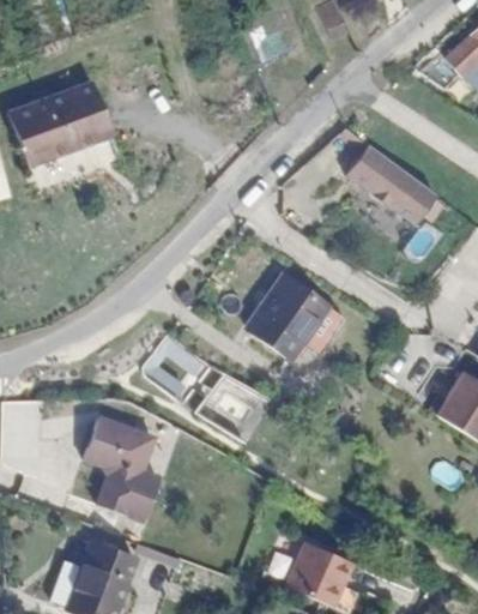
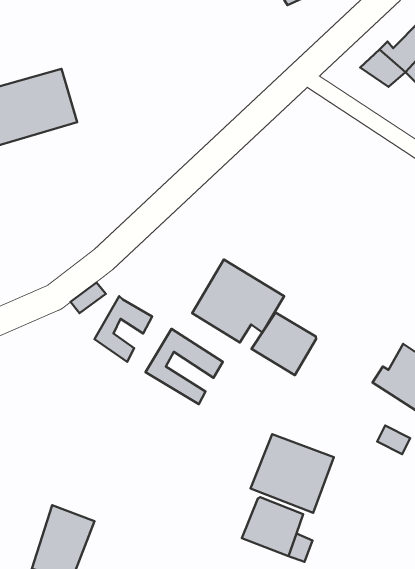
building: [335,148,425,225] -> none
building: none -> [252,312,316,375]
building: [90,411,168,516] -> none
building: none -> [251,434,334,513]

